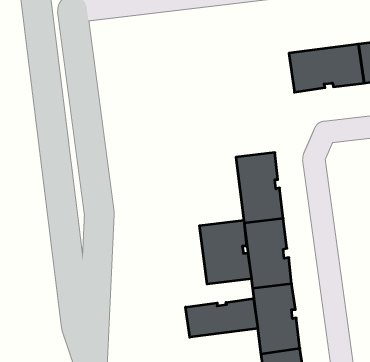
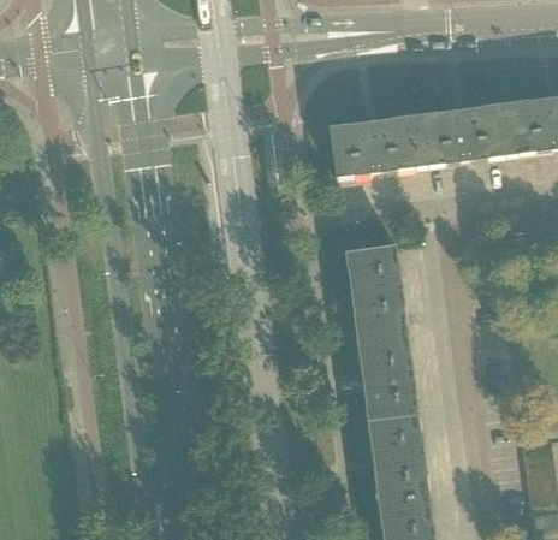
building: none -> [330,115,422,177]
building: [200,220,251,284] -> none
building: [186,298,258,337] -> none

